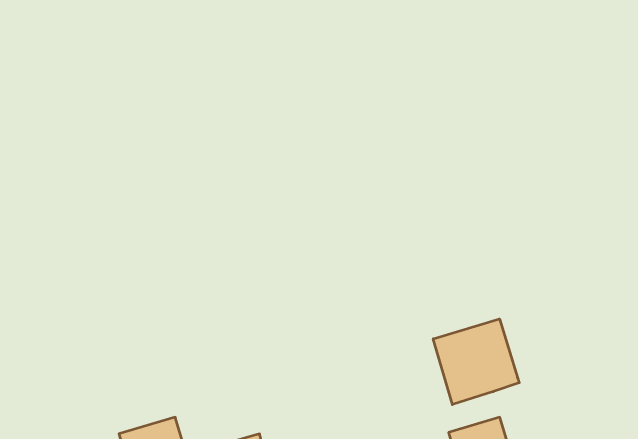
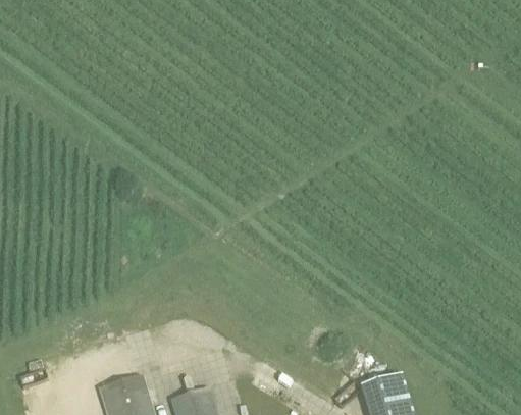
building: [433,319,519,405] -> none

